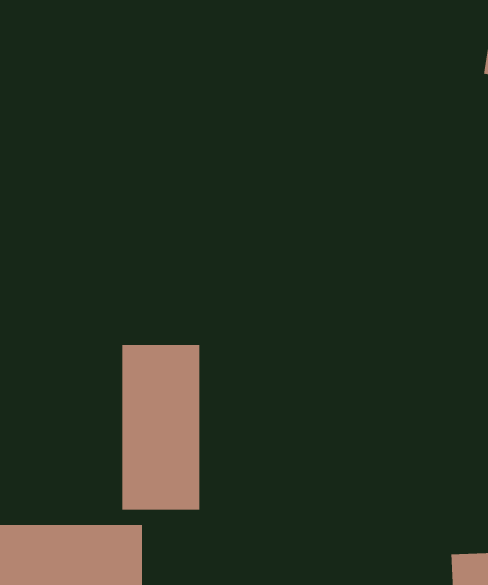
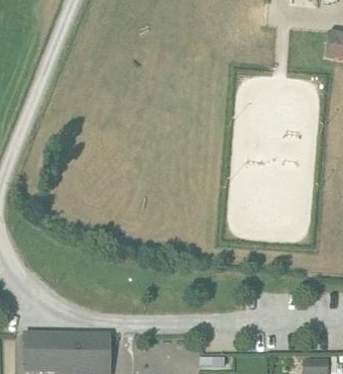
building: [121,344,200,510] -> none

